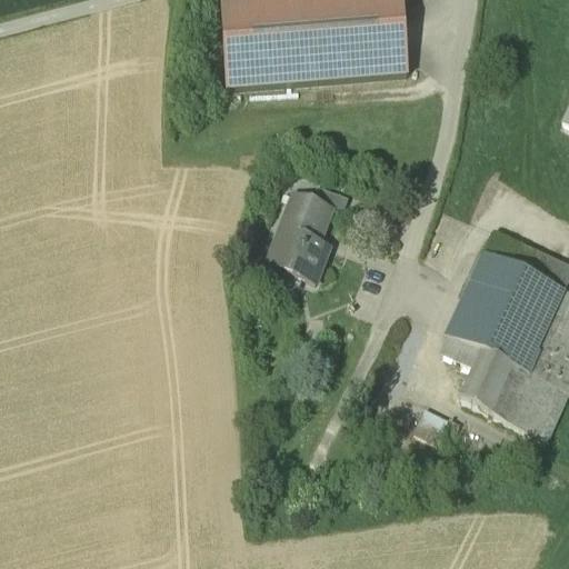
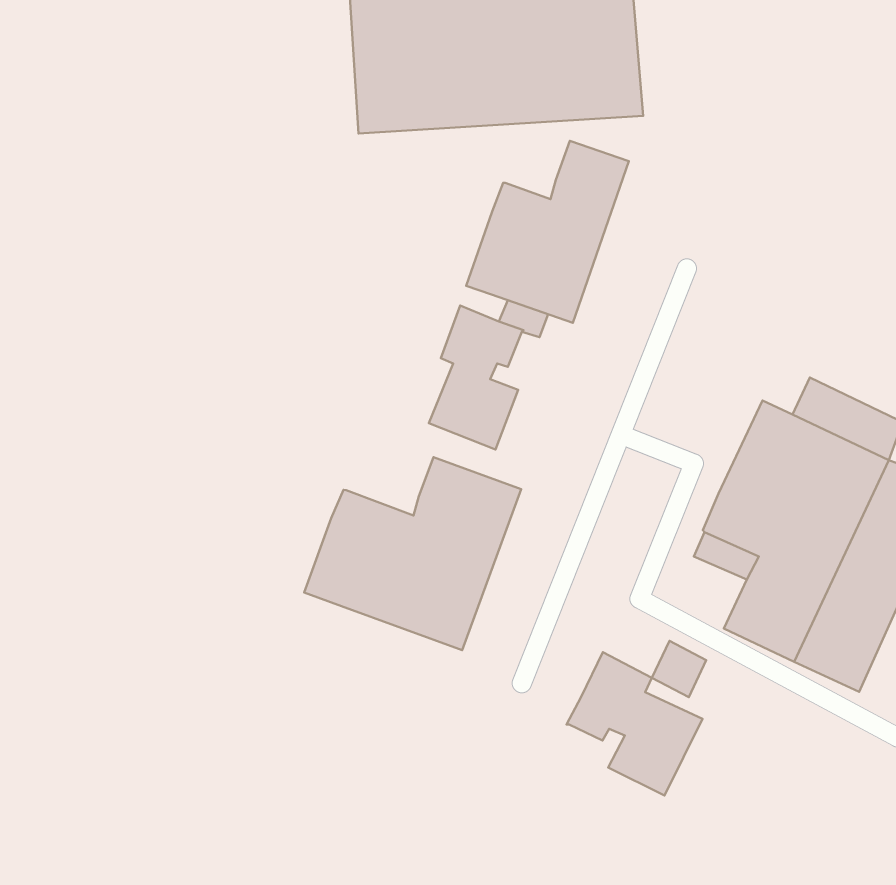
building: none -> [466,141,629,323]
building: none -> [304,457,521,650]
building: none -> [567,652,703,796]

